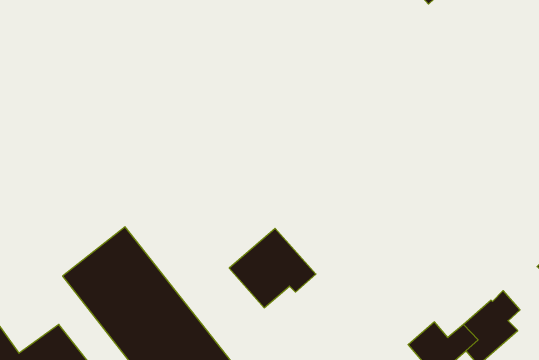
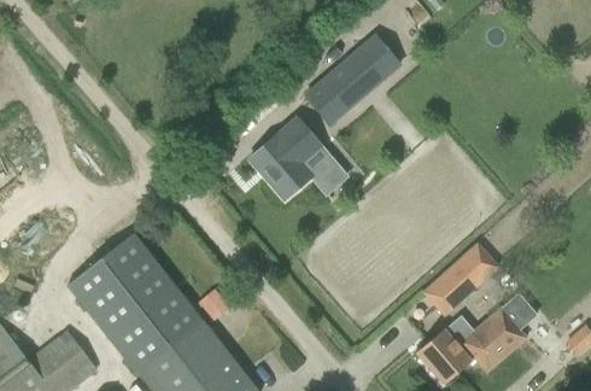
building: none -> [306,35,399,123]
building: [229,228,316,308] -> [250,118,337,198]
building: none -> [422,244,496,315]

